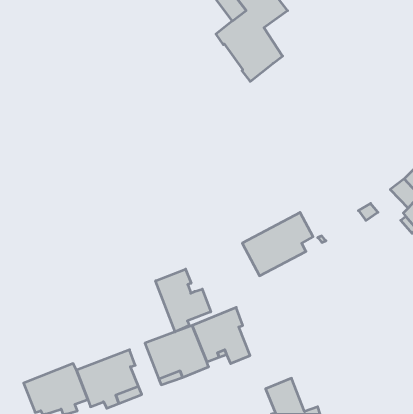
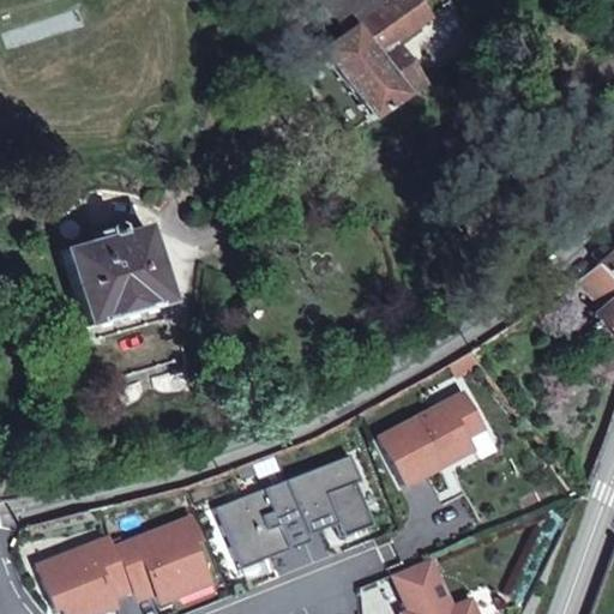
building: none -> [67,224,173,325]
building: [242,212,313,276] -> [381,391,486,484]
building: [156,269,211,332] -> none

